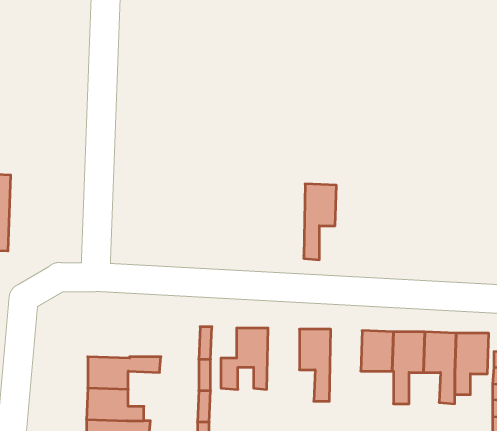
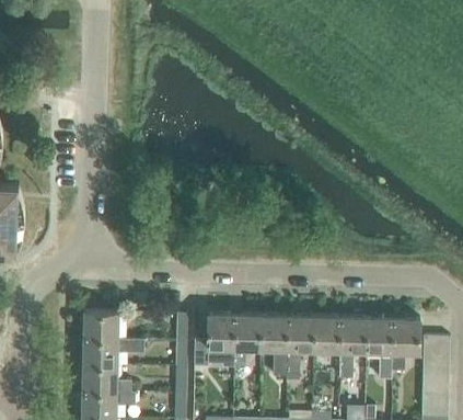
building: [304,184,336,260] -> [286,316,313,379]
building: none -> [83,311,118,340]
building: none -> [233,315,261,366]

